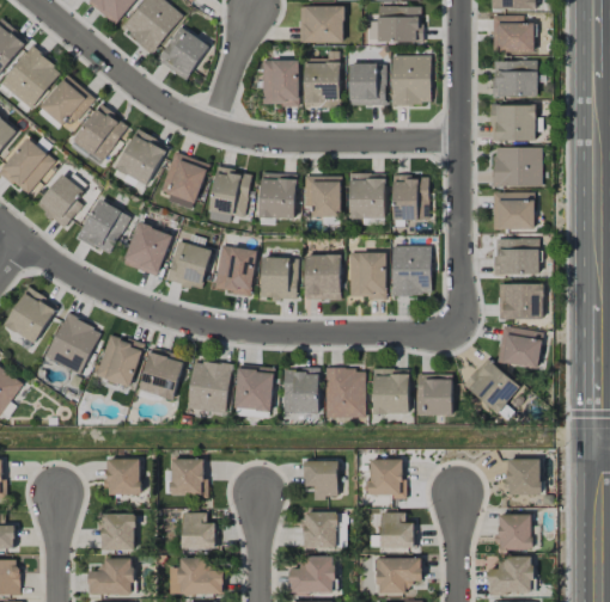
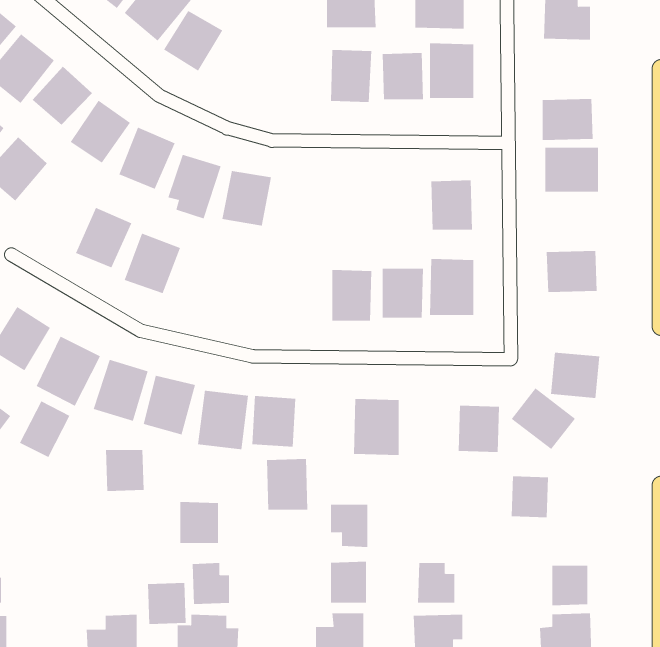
building: [262,60,299,105] -> none
building: [492,60,537,97] -> none
building: [36,171,85,228] -> none
building: [260,173,297,219] -> none
building: [349,173,385,219] -> none
building: [304,176,341,217] -> none
building: [493,192,535,229] -> none
building: [166,241,212,290] -> none
building: [214,246,255,295] -> none
building: [261,257,297,299] -> none
building: [499,283,543,319] -> none
building: [282,368,319,413] -> [266,459,308,510]
building: [373,369,409,413] -> none
building: none -> [19,401,70,458]
building: [106,459,141,496] -> [105,449,145,492]
building: [370,459,404,497] -> none
building: [507,459,541,496] -> [511,476,549,518]
building: [100,514,135,551] -> [147,582,187,624]

